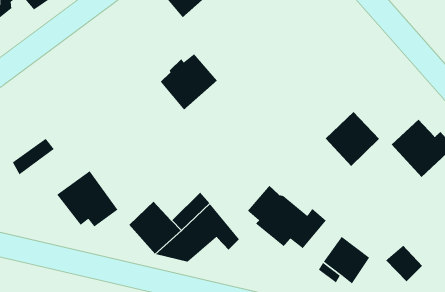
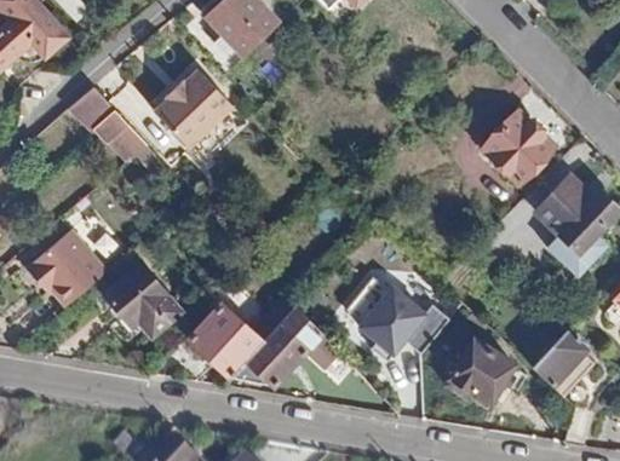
building: none -> [67,87,145,167]
building: [160,53,218,110] -> [156,70,234,148]
building: [325,111,380,167] -> [480,109,553,184]
building: none -> [39,242,107,302]

